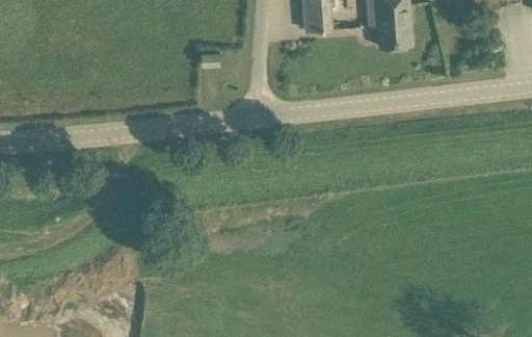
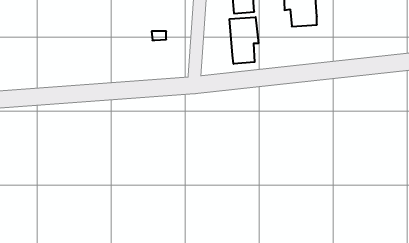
building: none -> [230,17,258,64]

